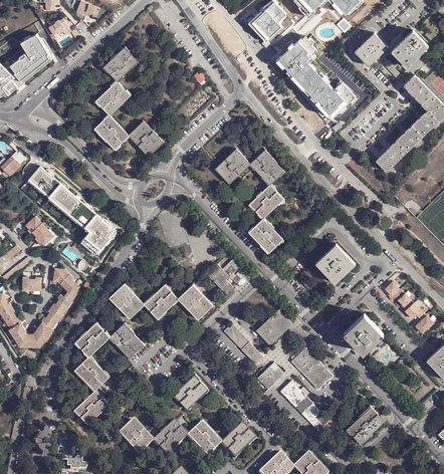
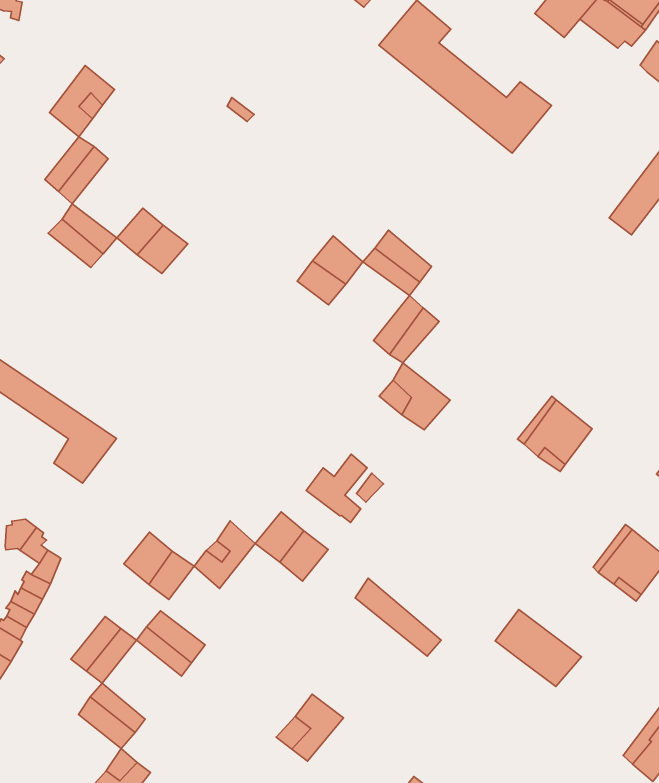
building: [256,310,291,344] -> none
building: [257,362,285,389] -> none
building: [279,381,327,431] -> none

